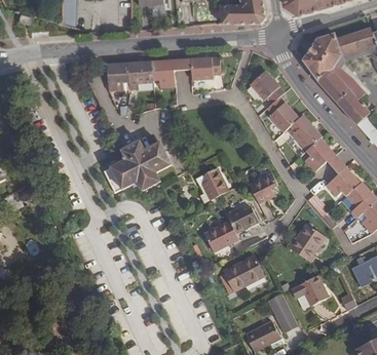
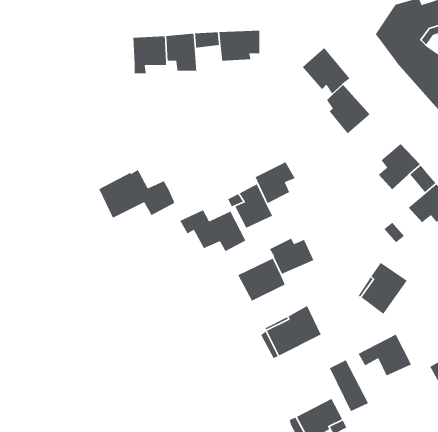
building: [106,62,128,90] -> none
building: [289,114,322,150] -> none
building: [121,141,169,171] -> [179,209,247,252]
building: [248,172,277,203] -> [254,161,296,204]

